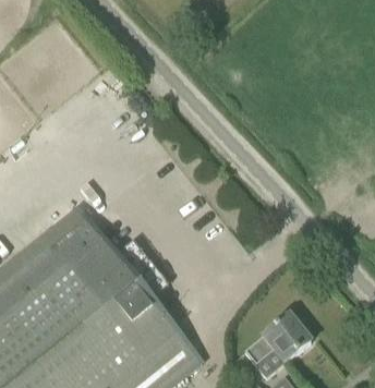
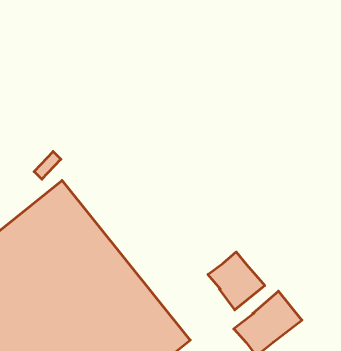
building: none -> [208,252,265,310]

